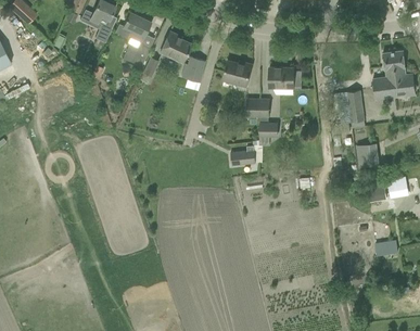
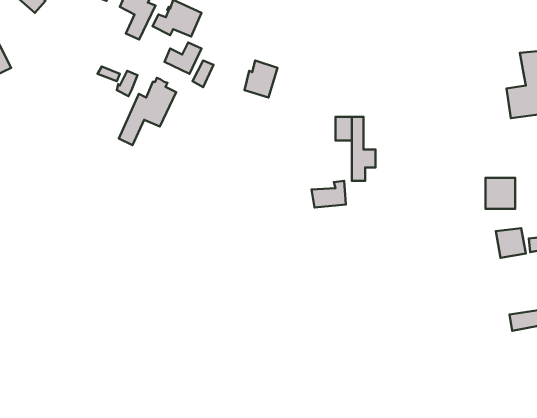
building: [160,31,191,63] -> none
building: [222,60,252,87] -> none
building: [269,67,294,88] -> none
building: none -> [119,78,176,145]
building: [338,90,364,123] -> none

